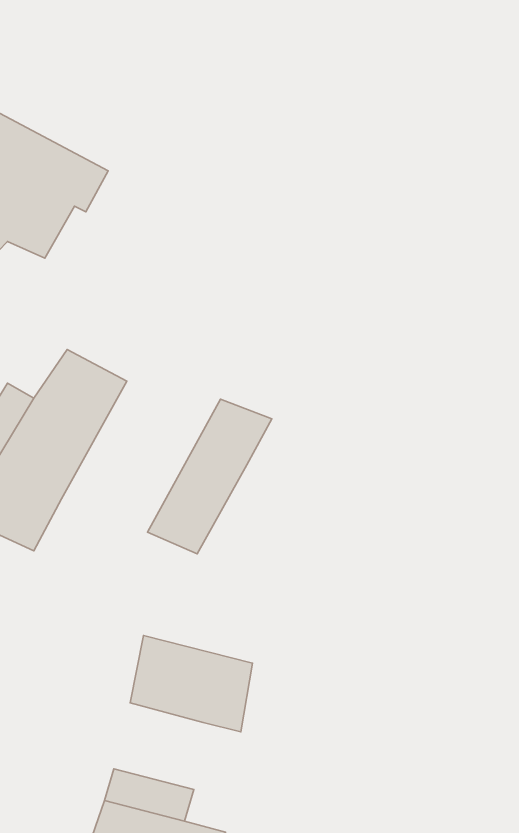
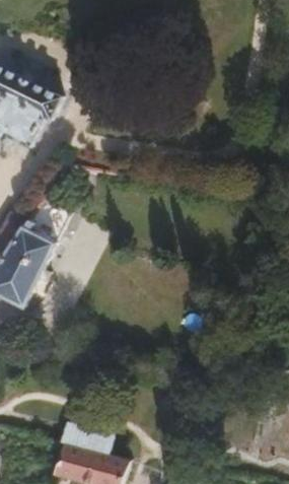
building: [147,399,272,554] -> none
building: [130,635,253,732] -> none

